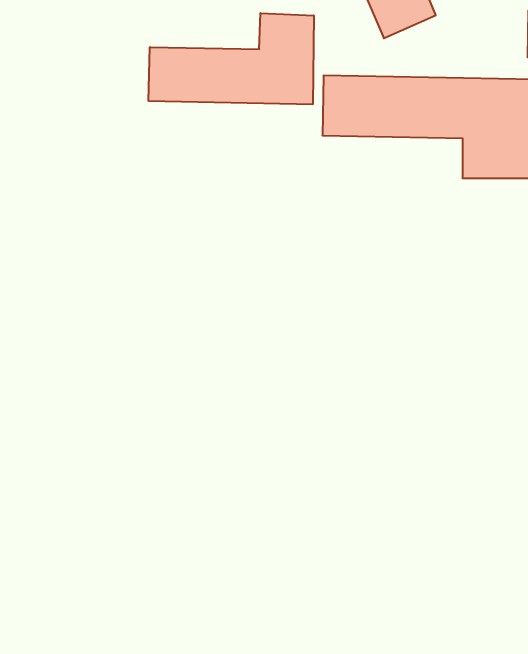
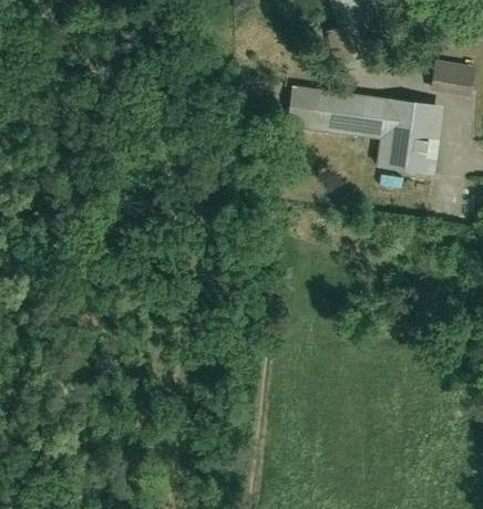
building: [149,13,314,104] -> none

